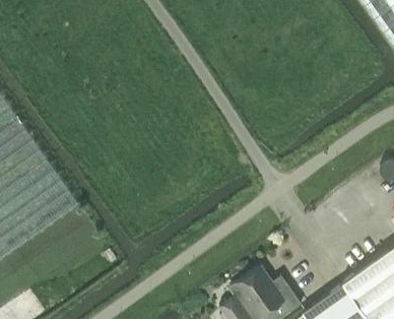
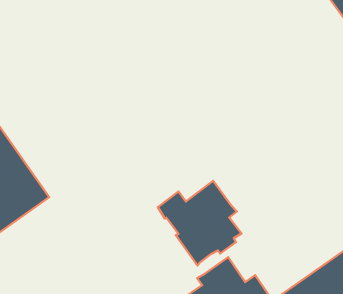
building: none -> [158,181,241,265]

